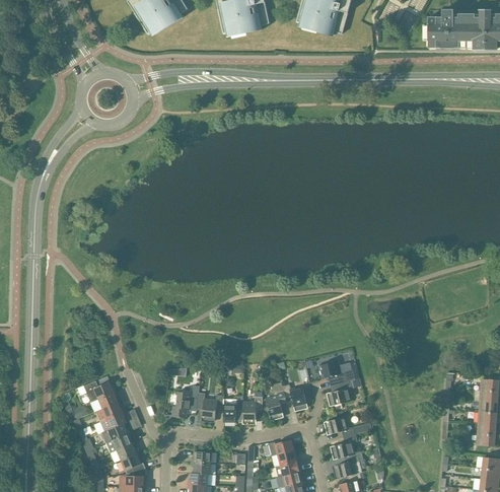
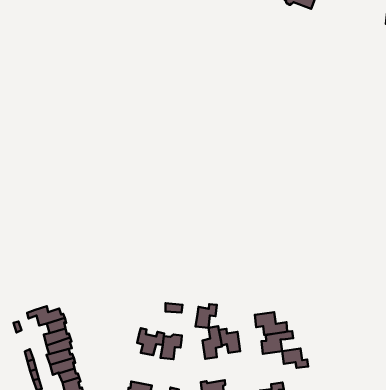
building: [171,392,197,418] -> none
building: [241,397,262,422] -> [195,304,217,328]
building: [326,416,355,437] -> [282,348,308,368]

